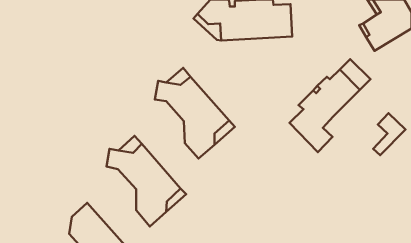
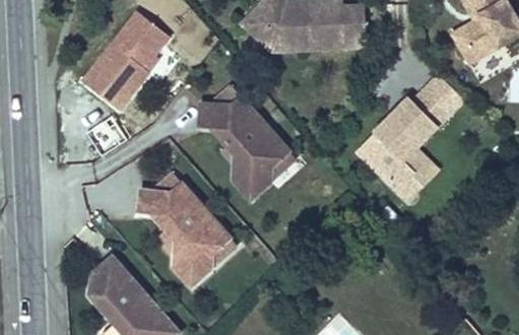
building: none -> [81,11,168,109]
building: [373,113,405,155] -> [400,147,441,200]

